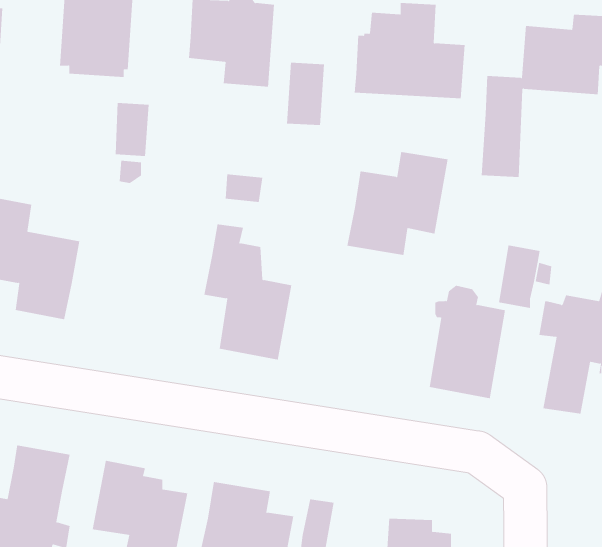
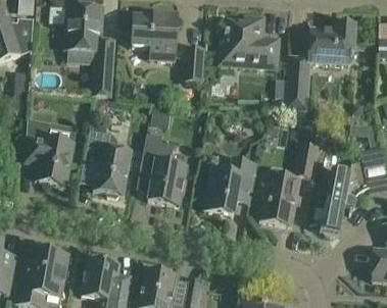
building: [347,152,449,255] -> [202,159,256,214]
building: none -> [81,124,131,195]

